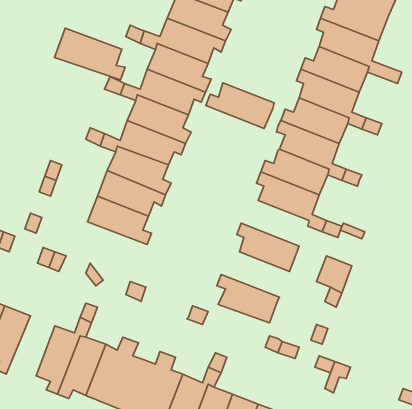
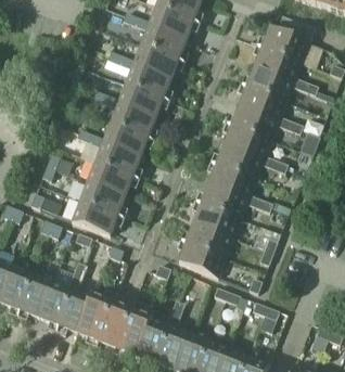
building: [54,28,125,80] -> none
building: [206,83,274,128] -> [195,183,247,218]
building: none -> [71,200,124,235]
building: none -> [180,222,232,257]
building: none -> [16,271,53,319]

